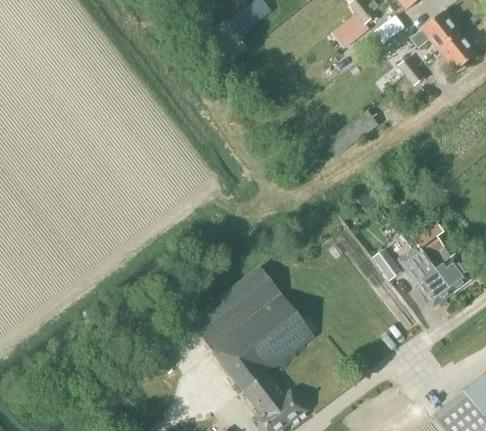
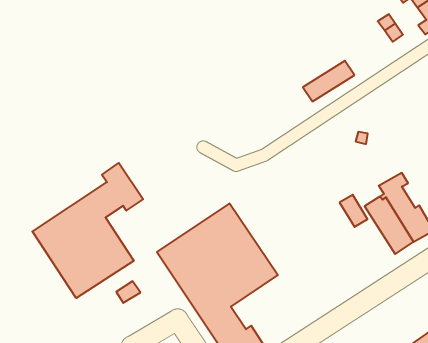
building: none -> [32,163,143,298]

